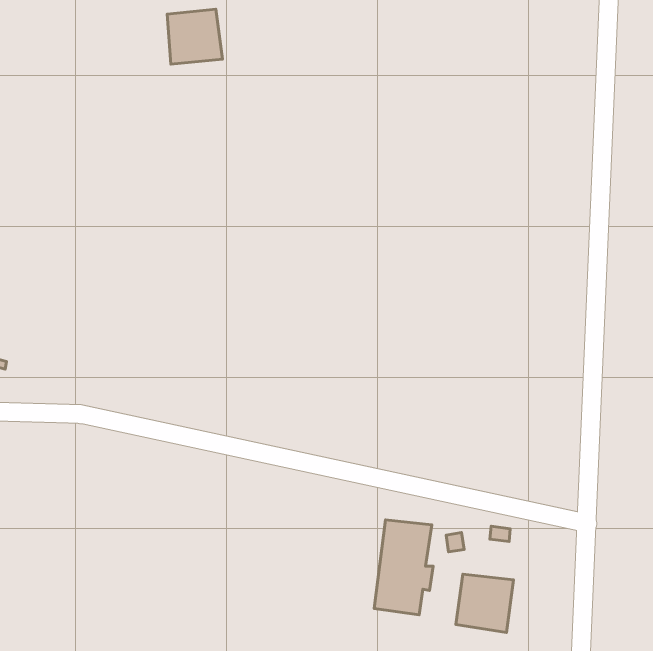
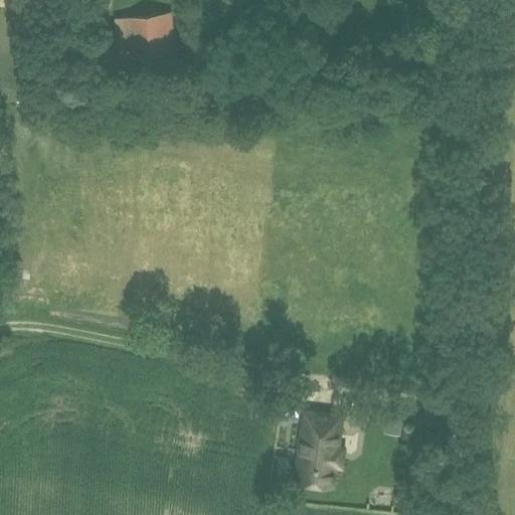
building: [456,574,513,633] -> none

